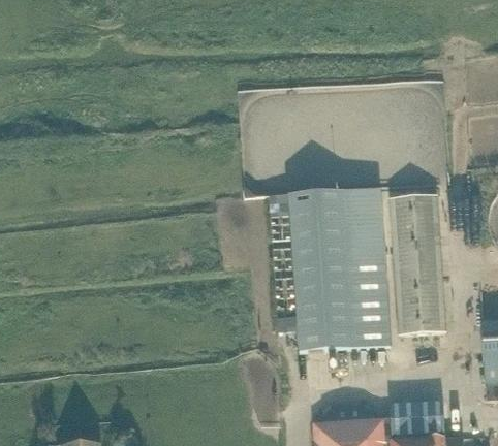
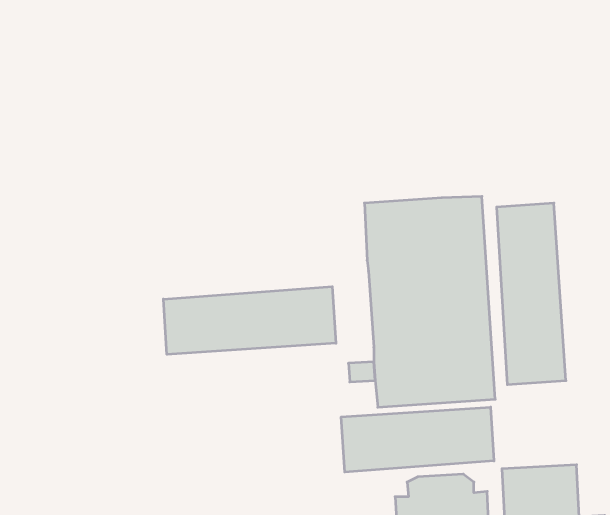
building: none -> [163,287,336,354]
building: none -> [341,407,494,472]

